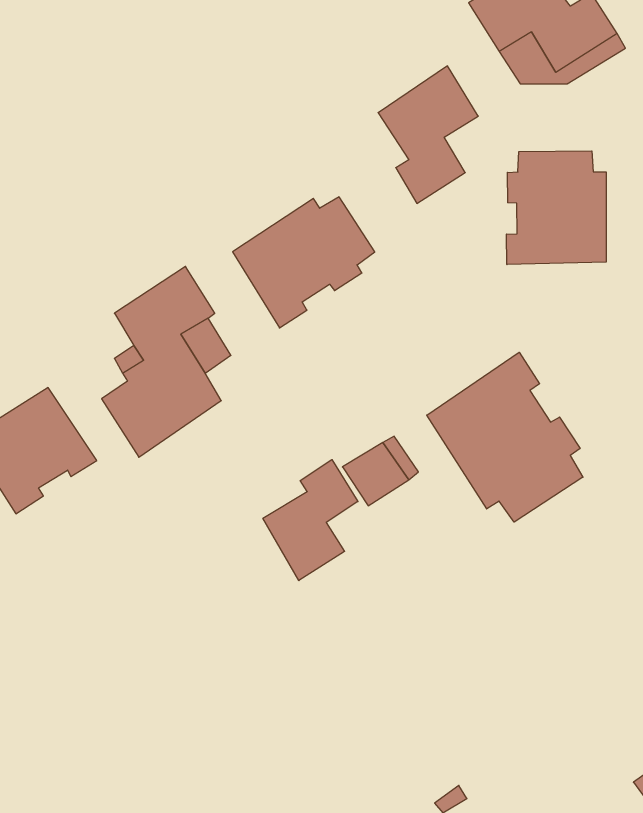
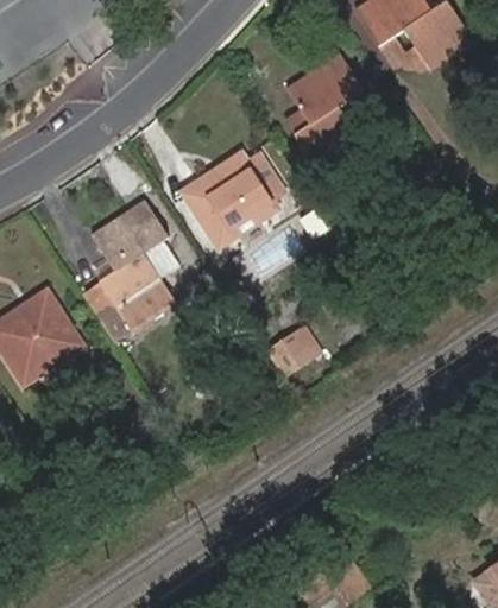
building: [507,151,606,265] -> none
building: [427,352,583,522] -> none
building: [263,460,358,581] -> none

